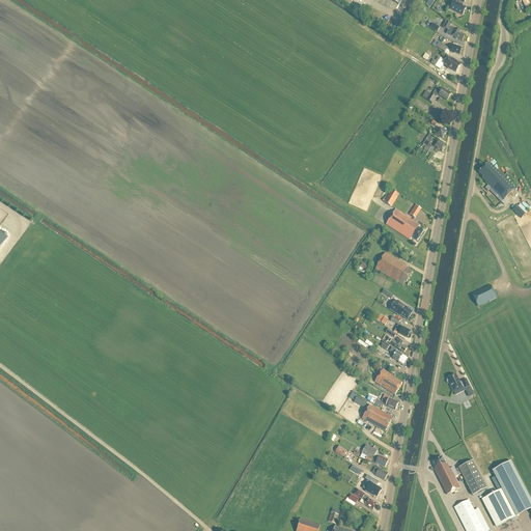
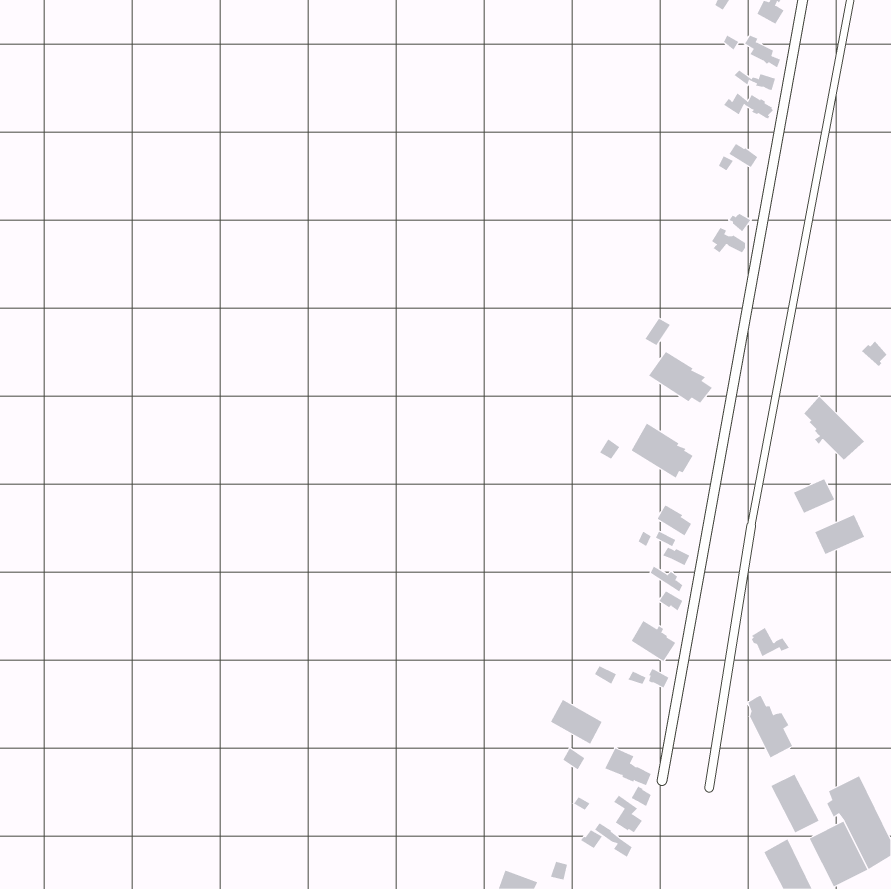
building: [478,161,514,199] -> [804,396,865,461]
building: none -> [815,514,865,555]
building: [361,403,392,430] -> [550,699,603,745]
building: [432,456,459,494] -> [747,695,793,758]

